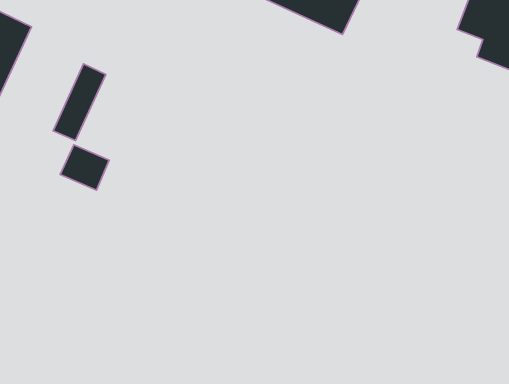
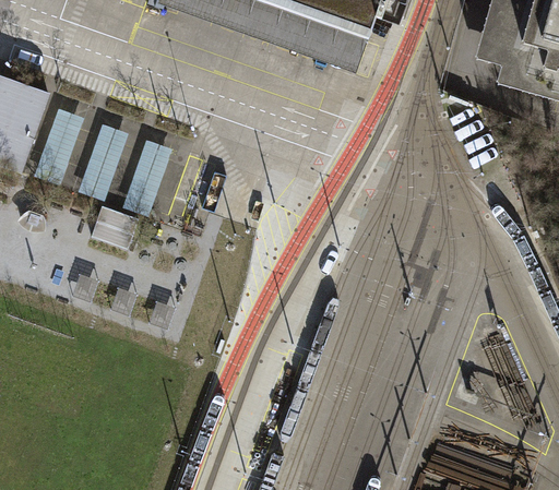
building: none -> [37,106,84,182]
building: none -> [124,136,171,213]

